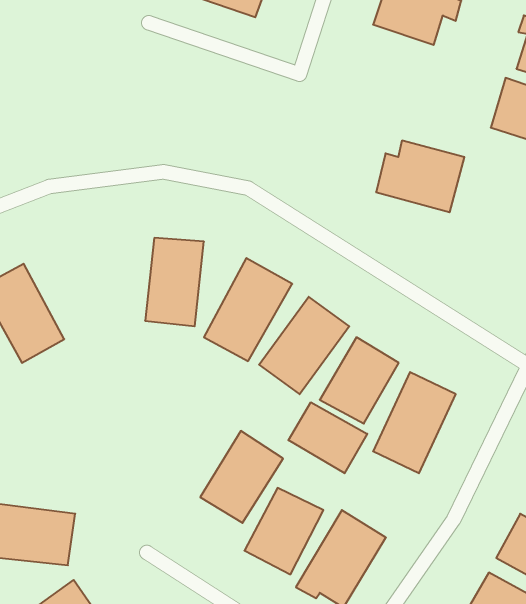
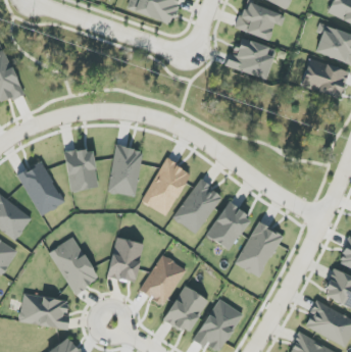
building: [376,141,464,212] -> [227,39,275,79]
building: none -> [65,149,97,191]
building: none -> [49,237,99,294]
building: none -> [107,237,144,283]
building: [288,402,367,473] -> none

